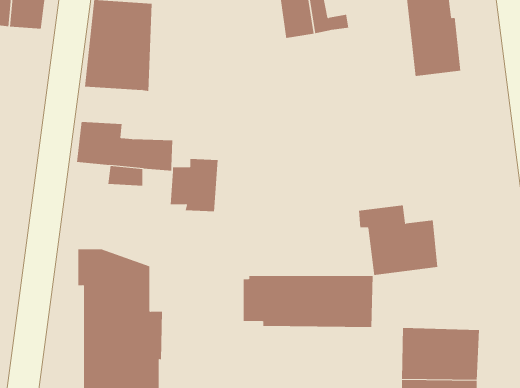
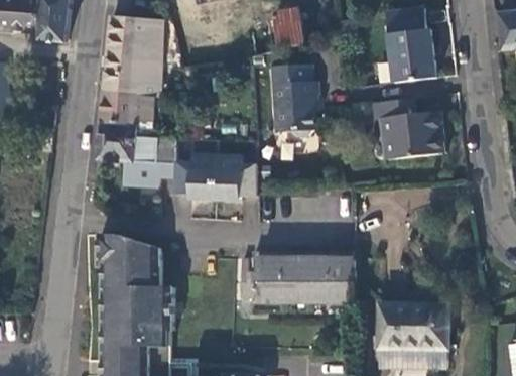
building: none -> [270,61,315,132]
building: none -> [101,92,154,124]
building: none -> [218,155,262,202]
building: [358,205,438,275] -> [373,98,442,159]

